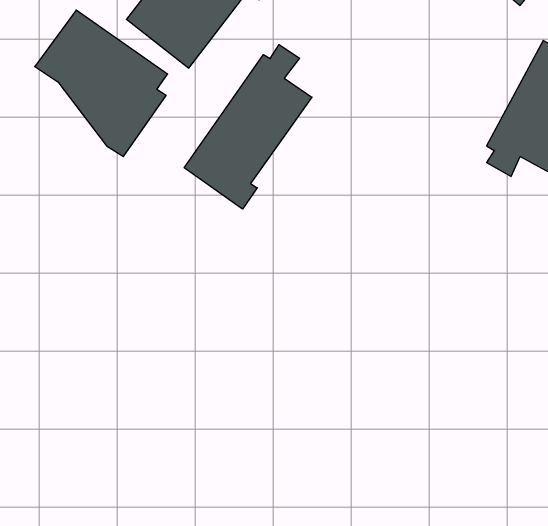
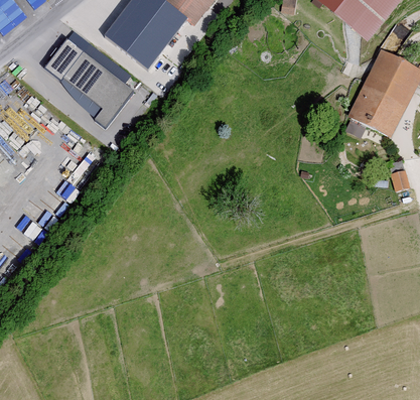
building: [184,45,312,209] -> none

